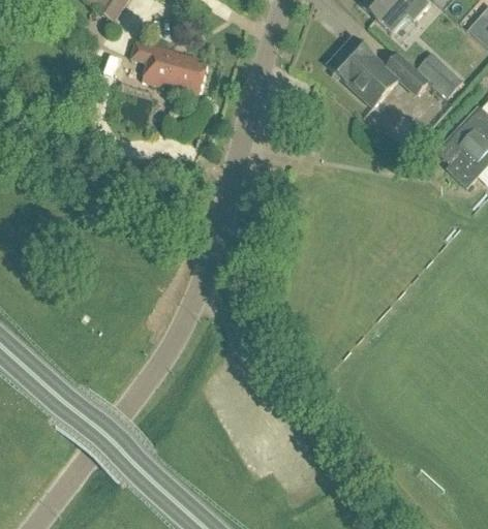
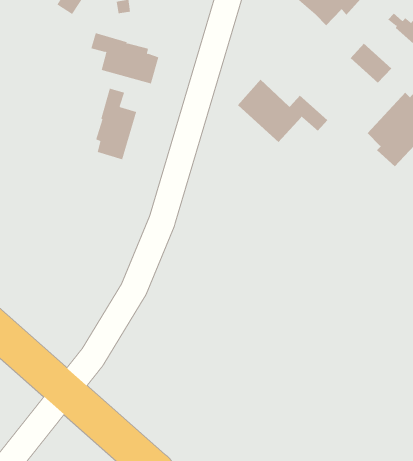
building: [327,36,427,106] -> [237,79,328,143]
building: none -> [95,88,137,160]

